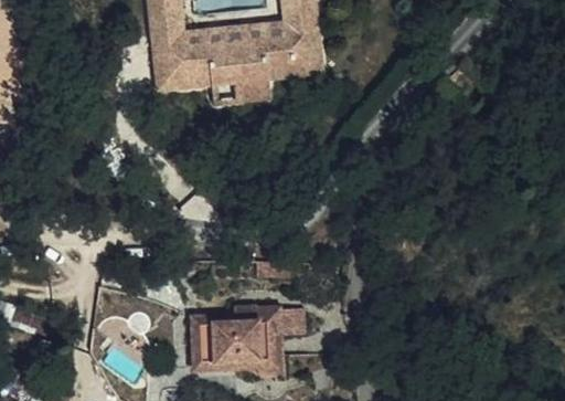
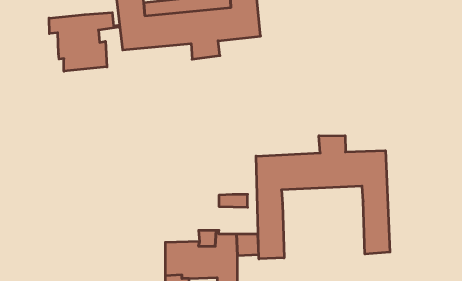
building: none -> [49,13,119,71]
building: none -> [256,136,390,259]

